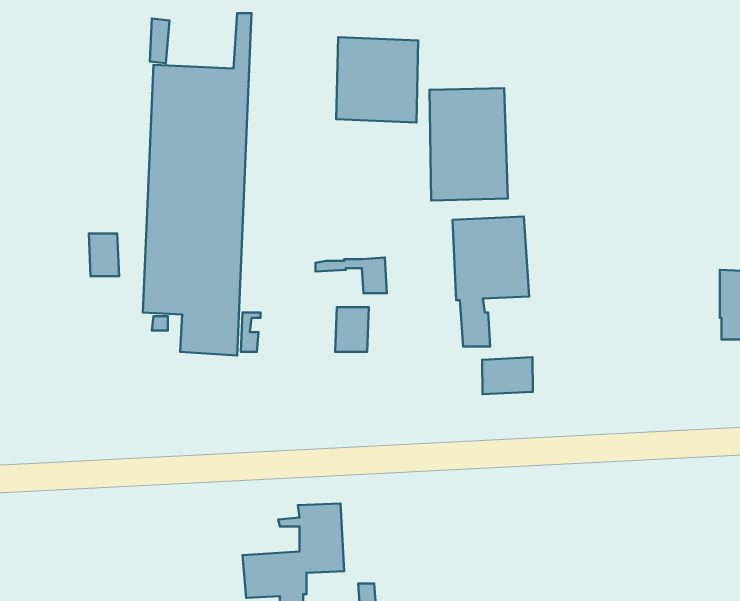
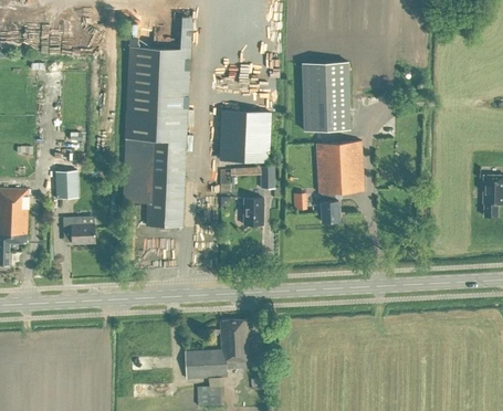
building: [336,37,418,123] -> [219,110,270,164]
building: [89,234,119,276] -> [55,171,74,198]
building: none -> [63,218,95,244]
building: [482,357,533,394] -> none

